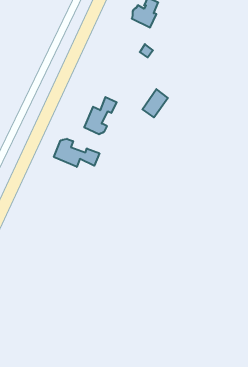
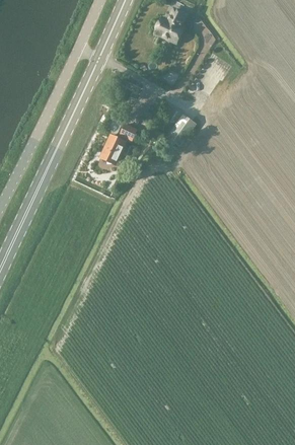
building: [54,139,99,167] -> none

